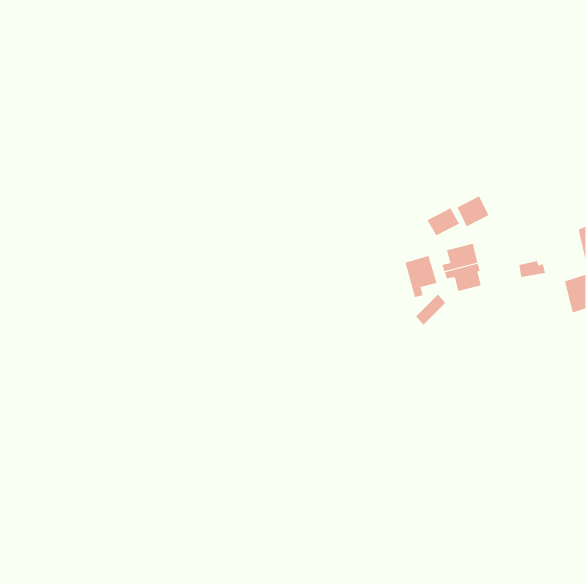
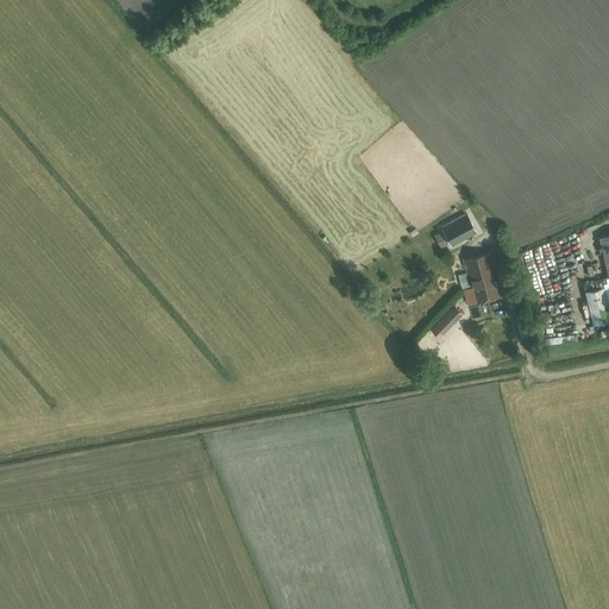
building: [457,195,489,227] -> none
building: [405,255,437,298] -> none

